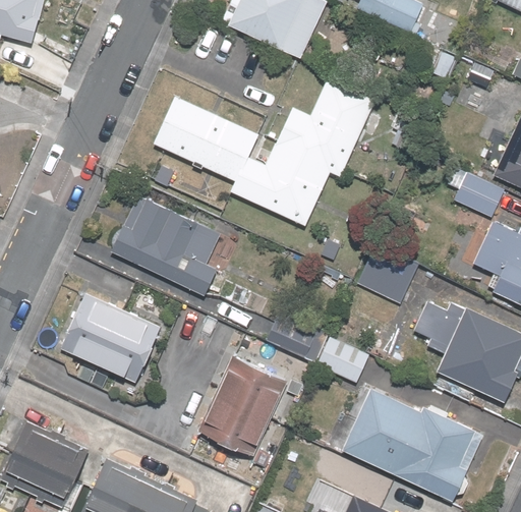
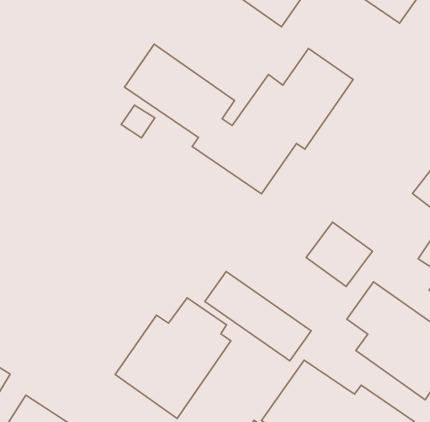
building: [107,196,233,296] -> none
building: [66,291,161,381] -> none

